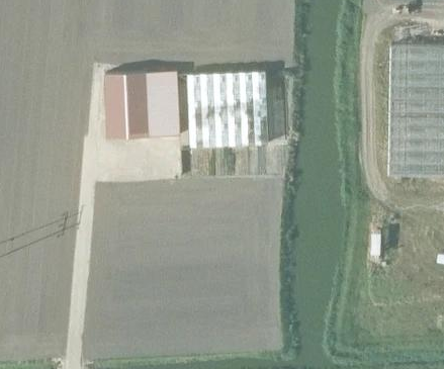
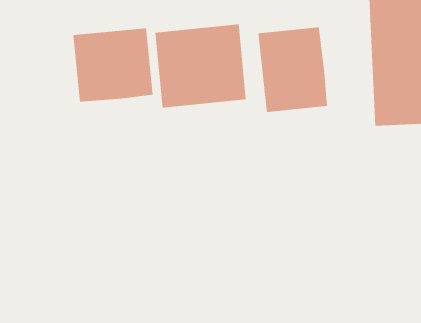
building: none -> [258,26,328,113]

